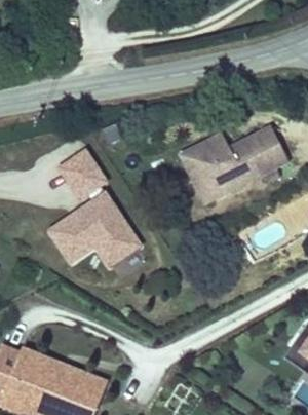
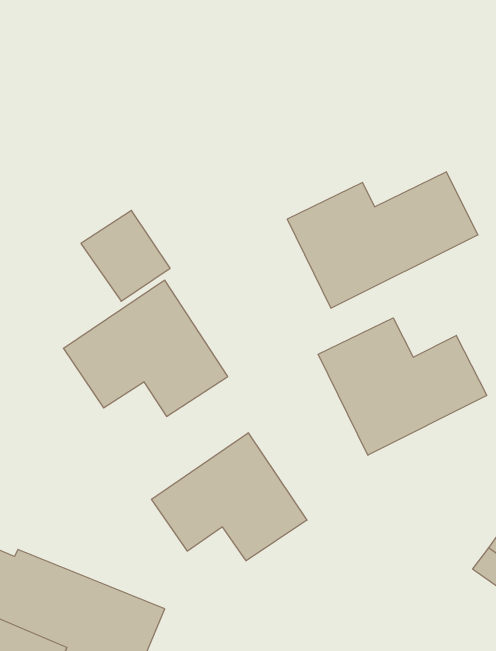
building: none -> [318,318,487,455]
building: none -> [152,433,307,561]

